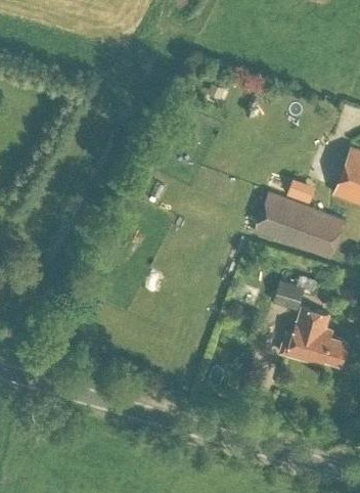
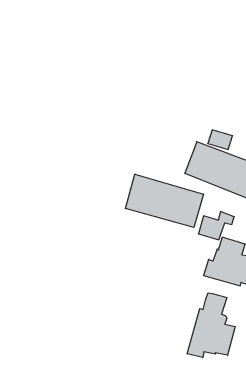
building: none -> [125,174,204,227]
building: none -> [187,293,235,358]

